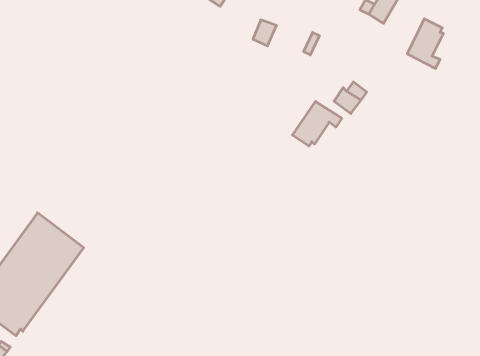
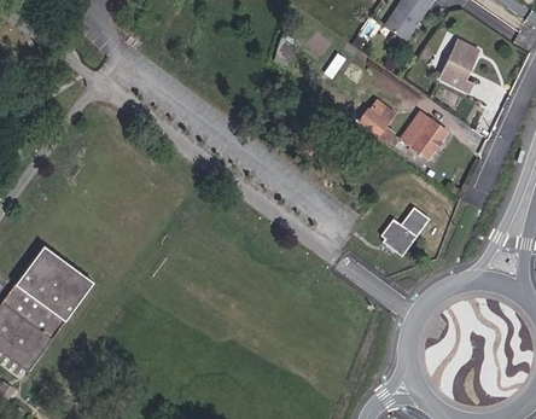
building: none -> [401,111,447,158]
building: [292,101,342,146] -> none
building: none -> [381,203,429,256]

